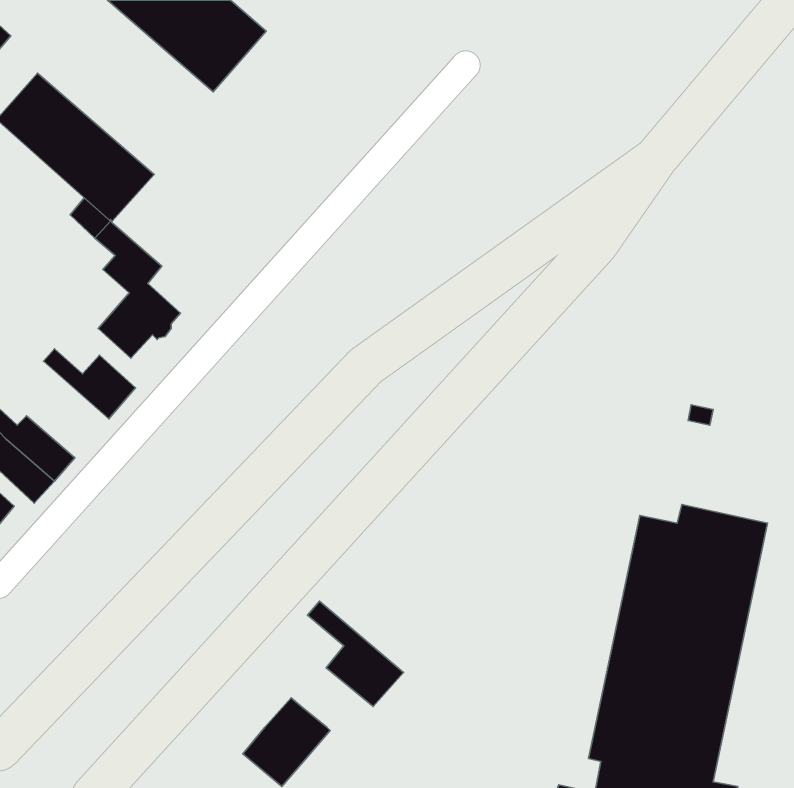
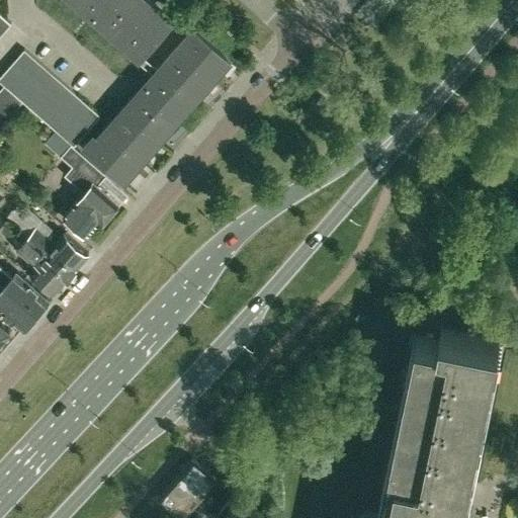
building: none -> [81,30,231,187]
building: none -> [16,240,71,296]
building: [308,601,403,707] -> none

